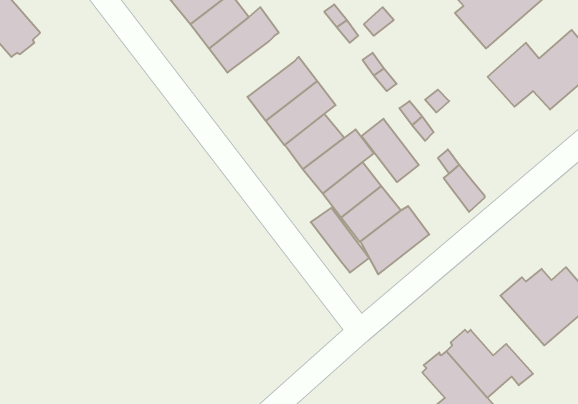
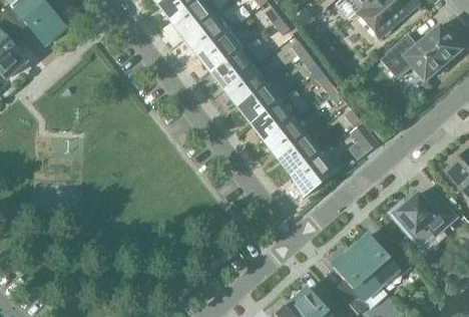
building: none -> [196,28,244,71]
building: [361,119,419,182] -> none
building: [311,208,369,273] -> none

